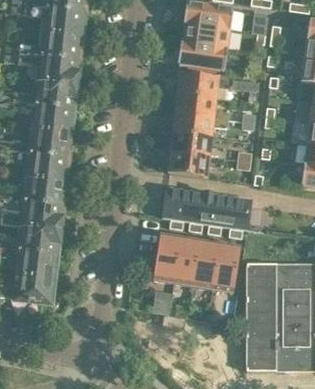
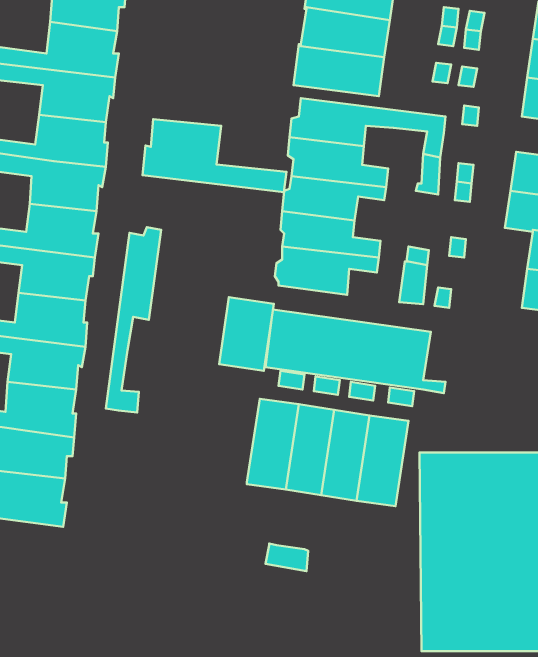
building: none -> [143,119,287,192]
building: none -> [106,227,161,412]
building: none -> [219,297,274,371]

